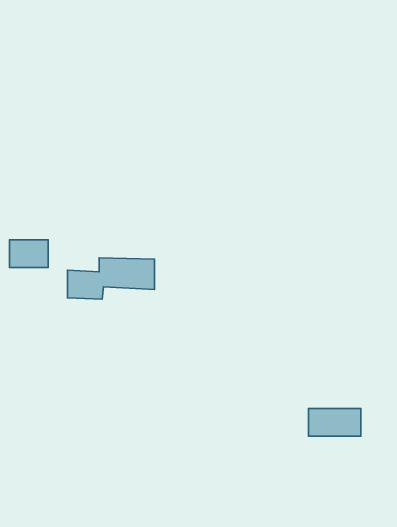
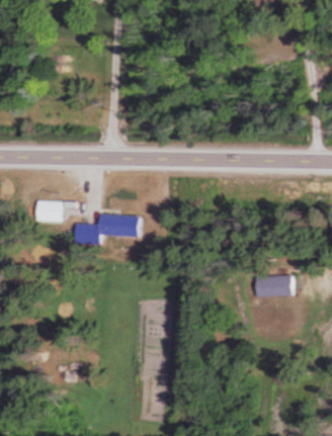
building: [308,408,361,436] -> [254,276,293,296]

